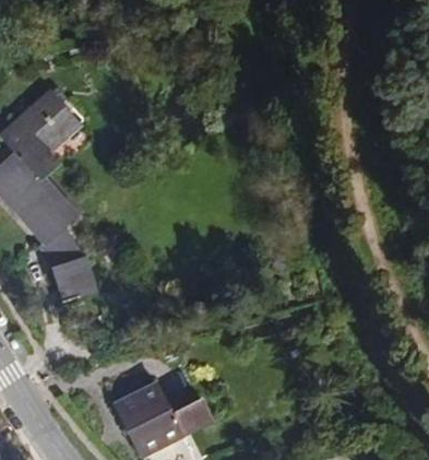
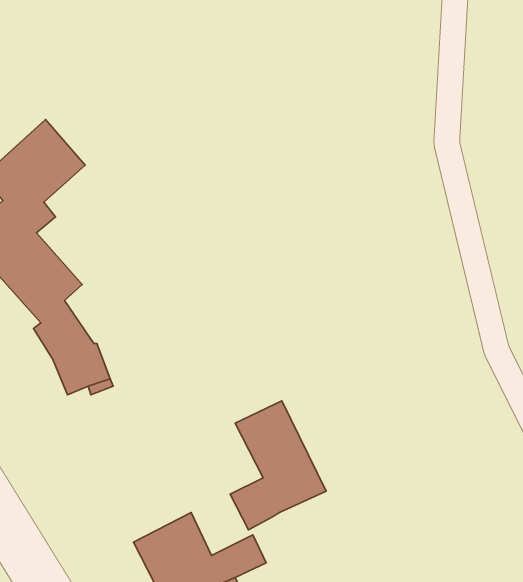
building: none -> [230,401,326,530]

